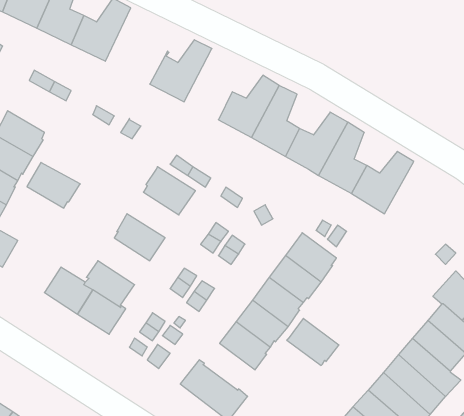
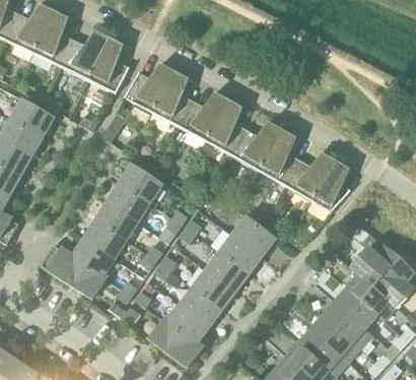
building: none -> [89,37,129,92]
building: none -> [152,69,191,126]
building: none -> [313,160,350,212]
building: [27,162,80,208] -> [11,100,54,136]
building: none -> [107,184,148,220]
building: none -> [83,220,125,258]
building: [287,318,339,365] -> [167,305,209,342]

